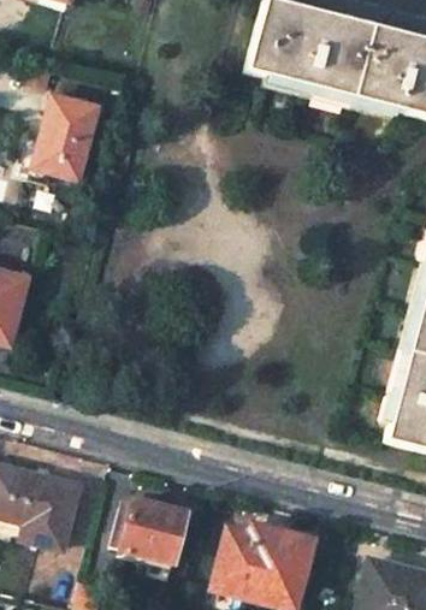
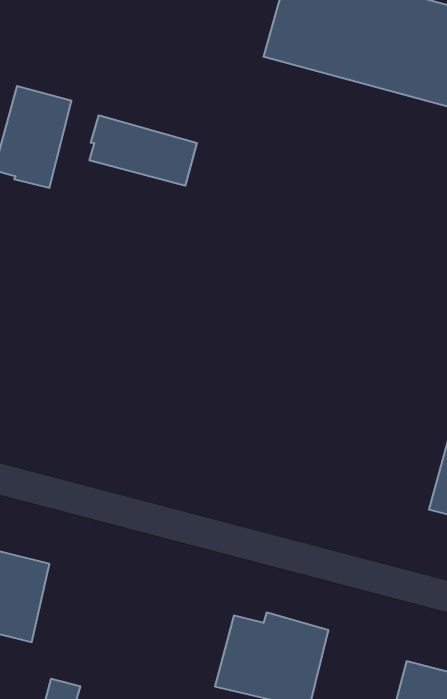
building: none -> [90,115,197,186]
building: [118,502,182,563] -> none

